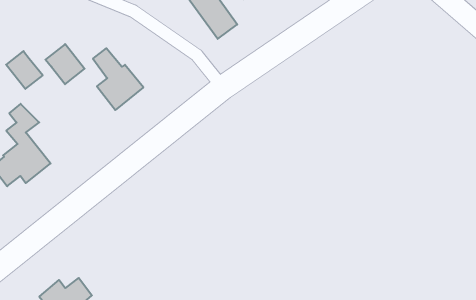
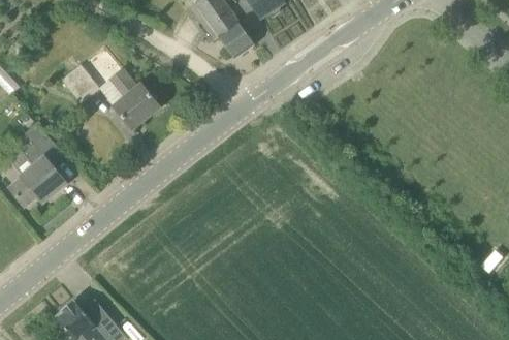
building: [6,51,43,89] -> none

